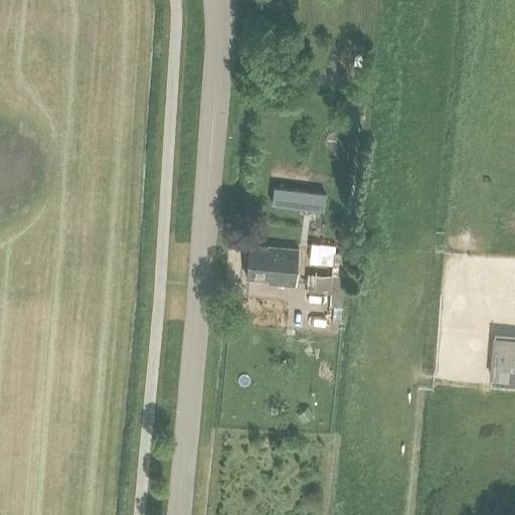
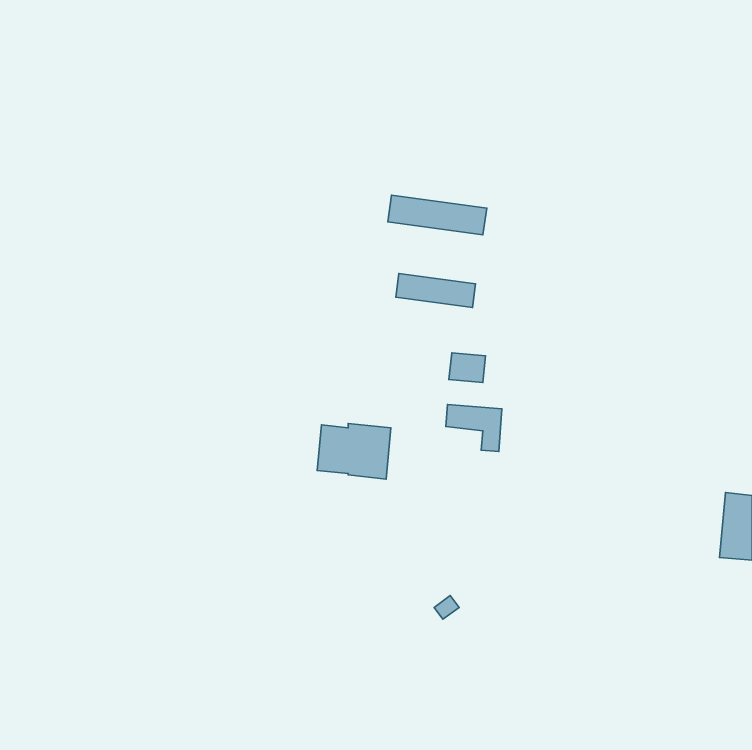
building: none -> [388,195,487,235]
building: [247,249,298,288] -> [317,423,391,479]

